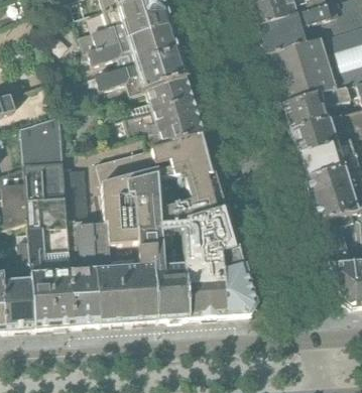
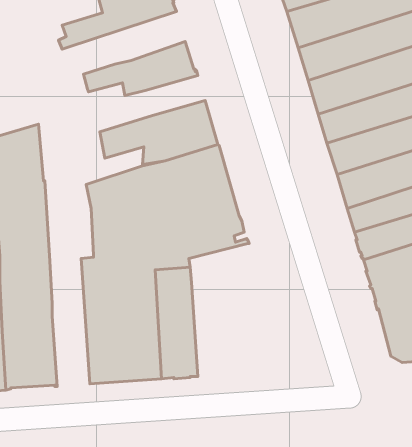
building: [82,24,178,67] -> none
building: [133,76,194,113] -> none
building: [66,165,101,325] -> none
building: [180,211,257,317] -> none

